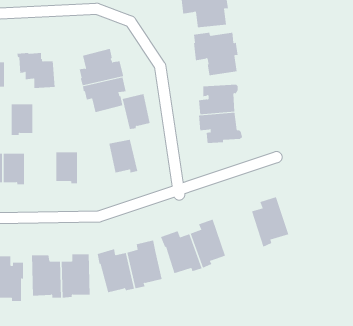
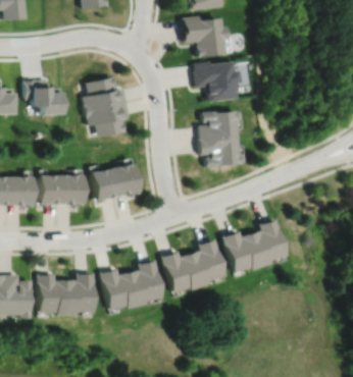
building: [122,94,150,130] -> [92,167,119,202]
building: [11,104,33,135] -> [41,175,62,206]
building: none -> [222,230,262,272]

